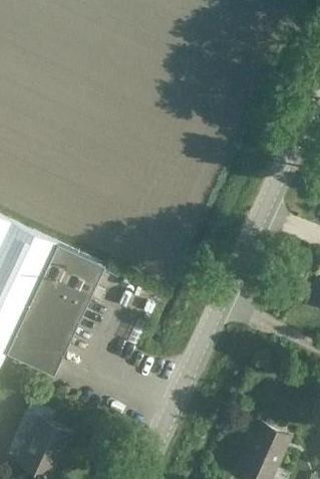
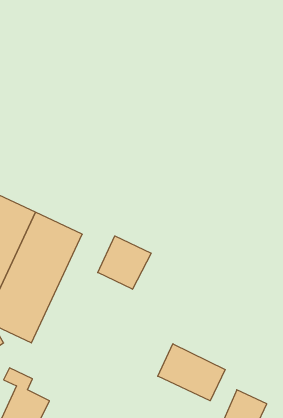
building: none -> [98,236,151,289]
building: none -> [158,344,225,401]

